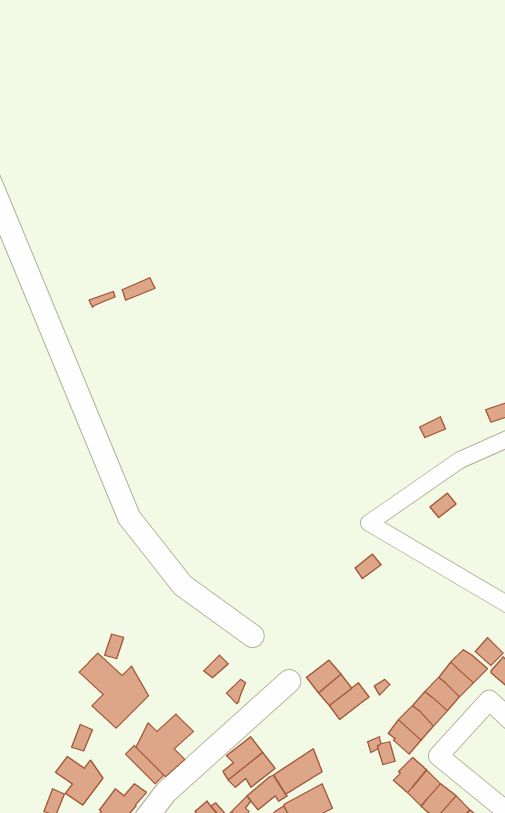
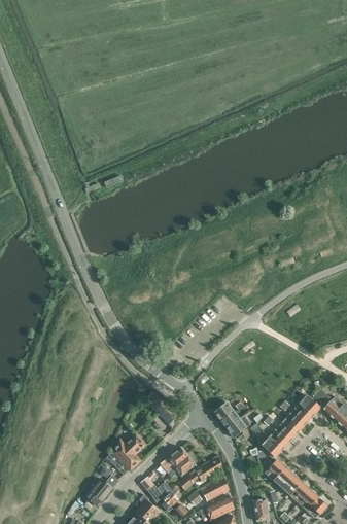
building: [79,653,148,728] -> none
building: [56,757,103,805] -> none

